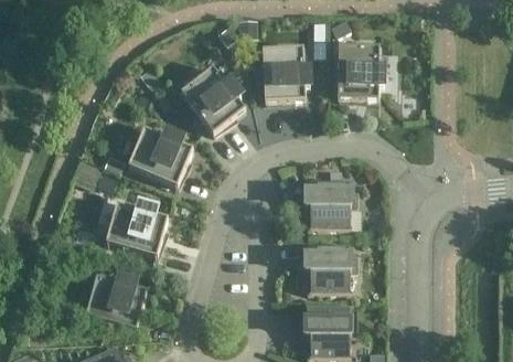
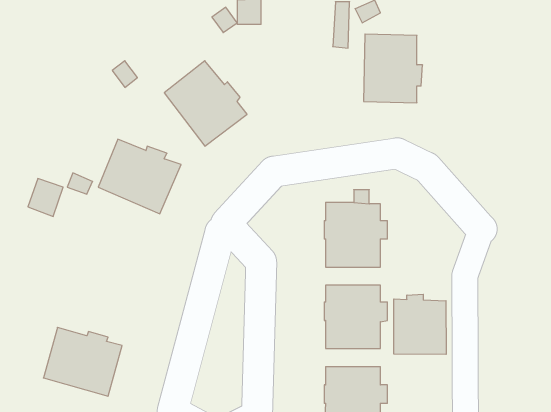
building: [261,47,309,102] -> none
building: [105,203,168,257] -> none
building: none -> [394,294,446,354]

